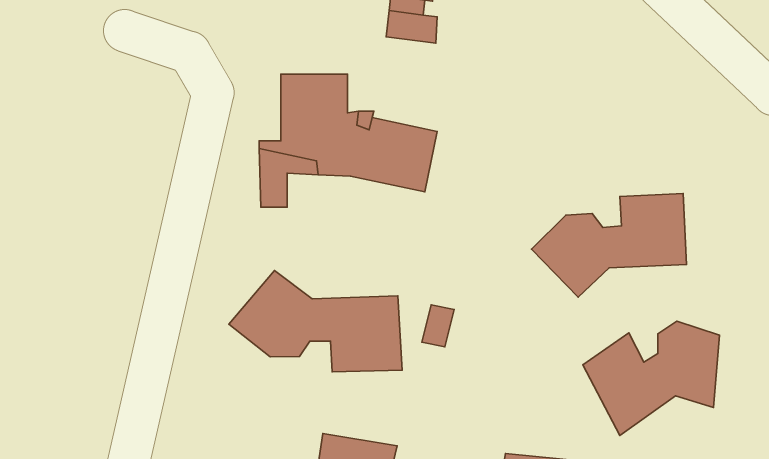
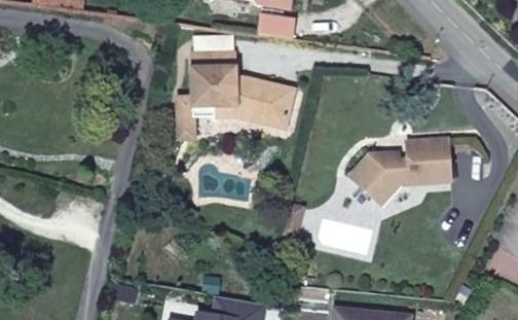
building: [229,271,402,372] -> none
building: [583,321,719,435] -> none

